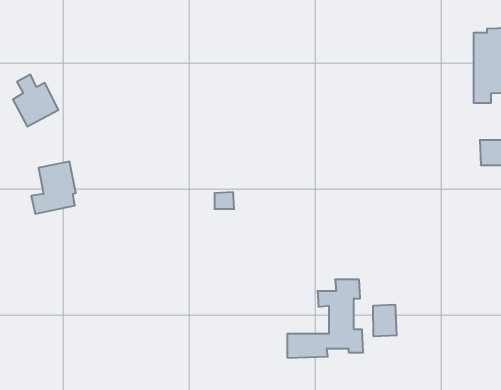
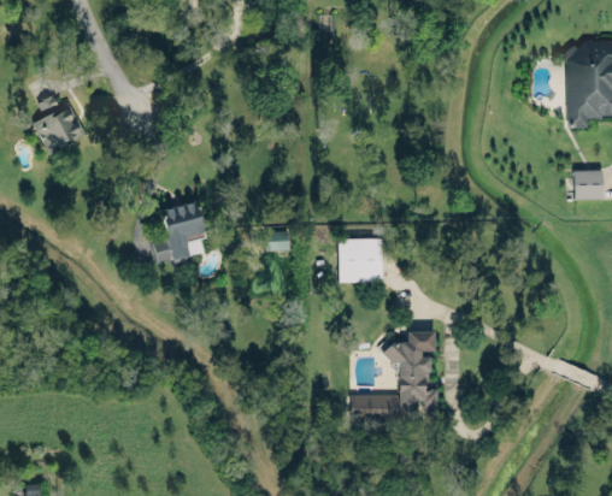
building: [31,162,76,214] -> [154,201,206,261]
building: none -> [340,238,383,282]
building: [373,305,397,336] -> none

